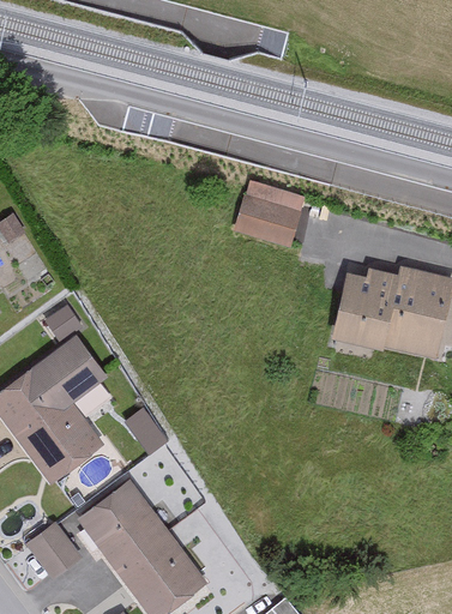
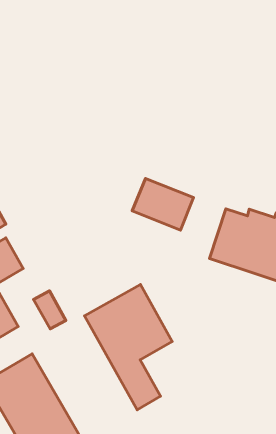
building: [233,192,306,249] -> [132,178,194,230]
building: none -> [84,284,172,410]

